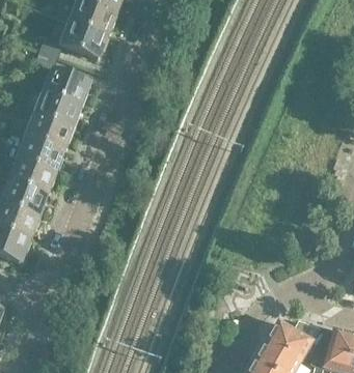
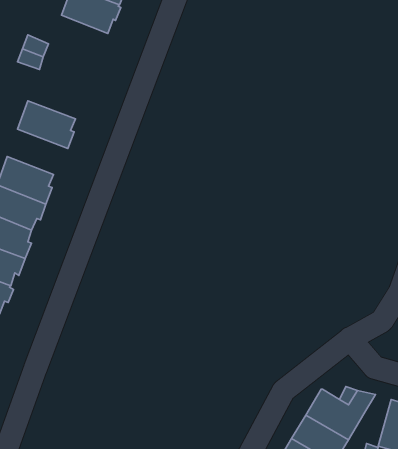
building: [60,22,108,57] -> none
building: [42,68,88,105] -> none
building: [25,113,74,149] -> none

